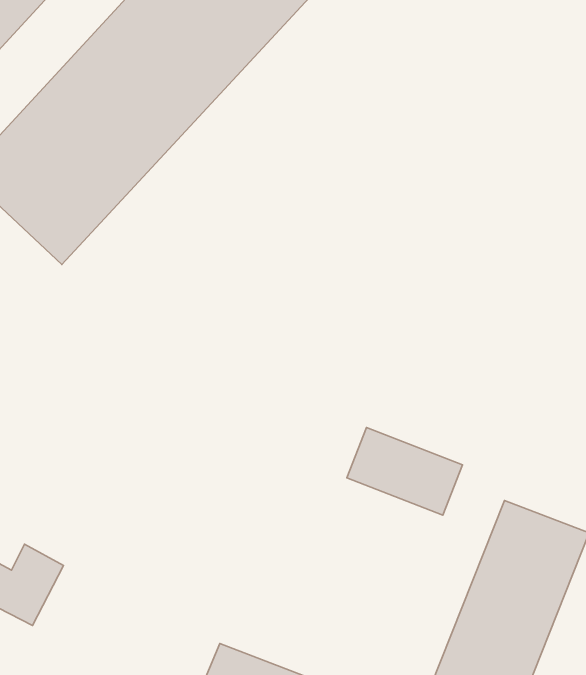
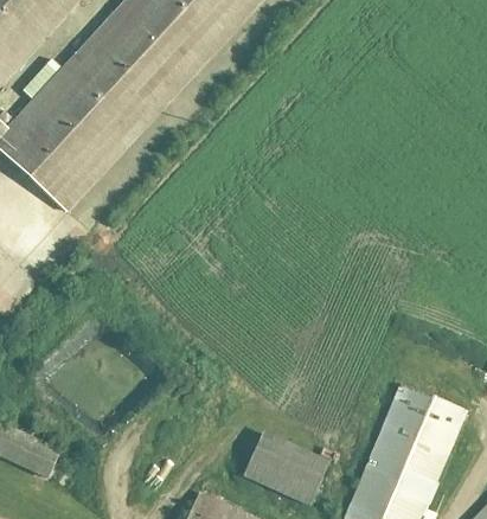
building: [347,427,462,515] -> [238,429,322,493]

